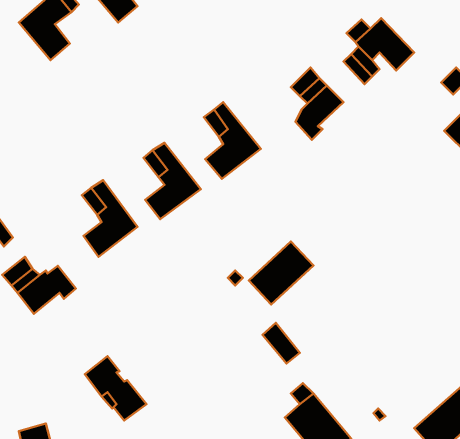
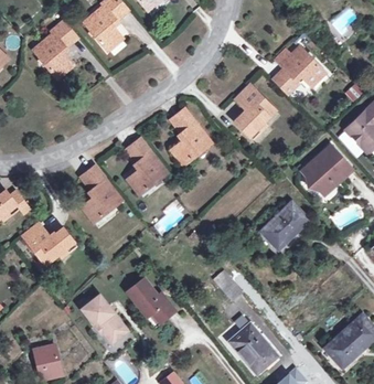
building: none -> [304,147,352,194]
building: [249,241,313,304] -> [260,202,308,248]
building: none -> [127,277,175,321]

